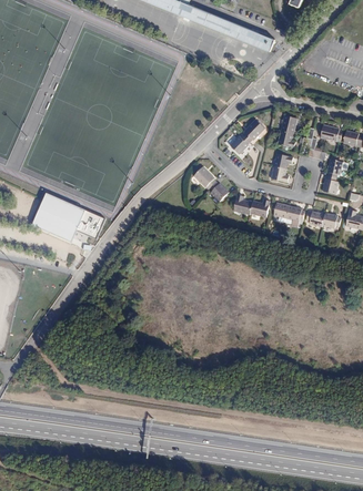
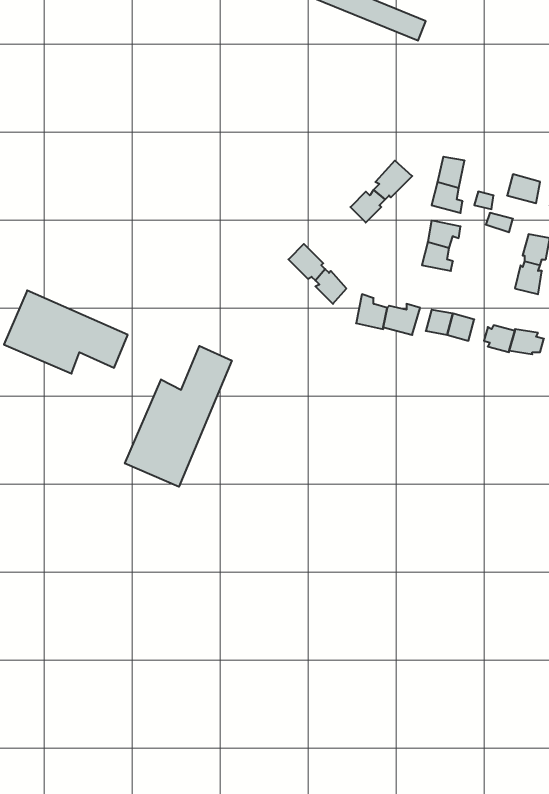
building: none -> [125,346,232,487]

